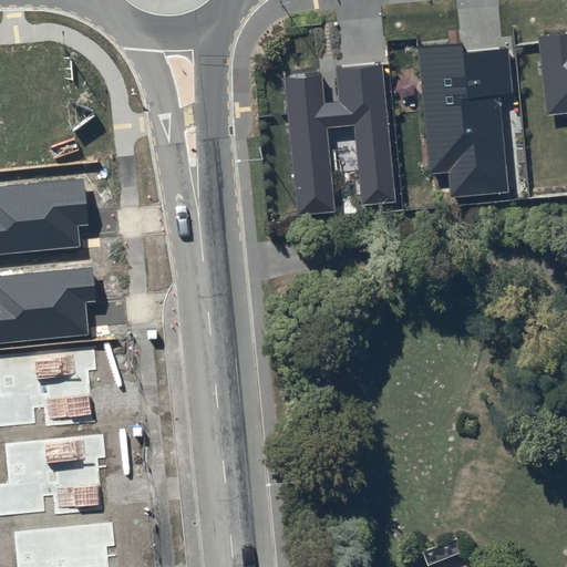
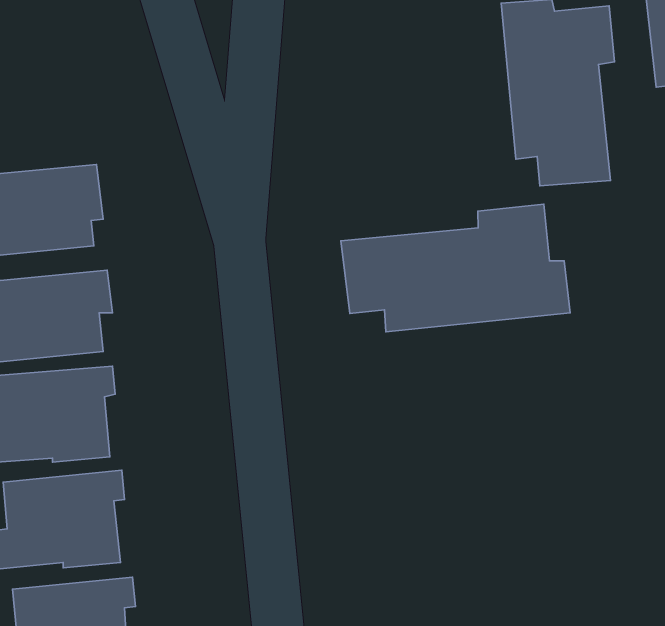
building: [282,63,395,215] -> none
building: none -> [341,204,570,332]

